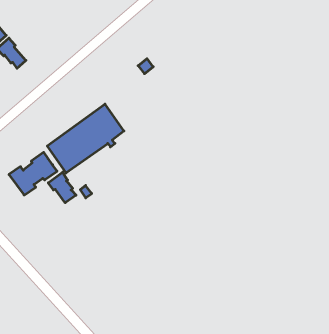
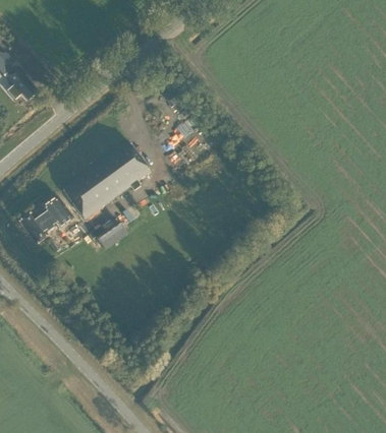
building: [48,172,76,203] -> none

